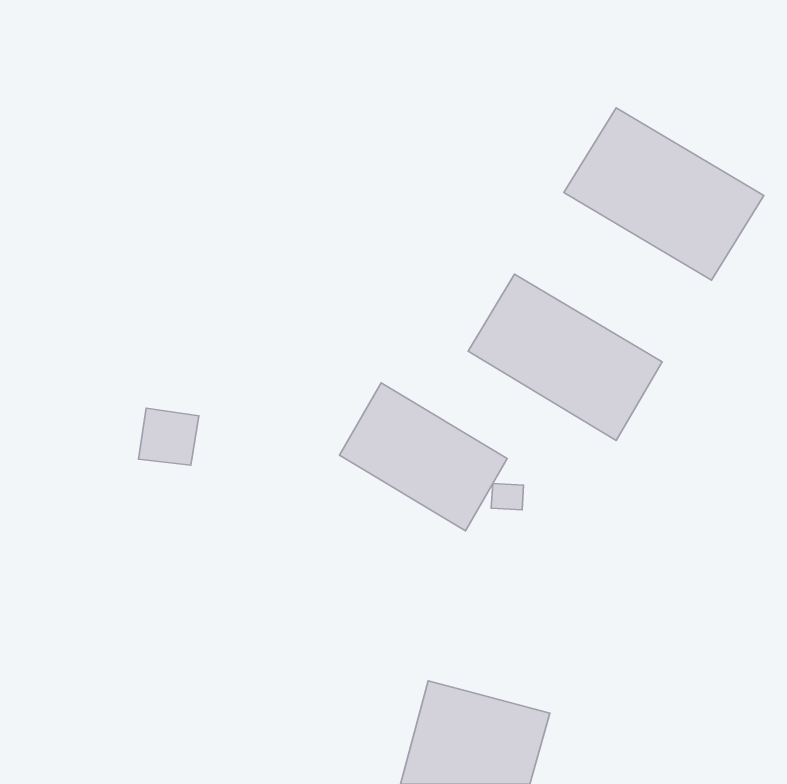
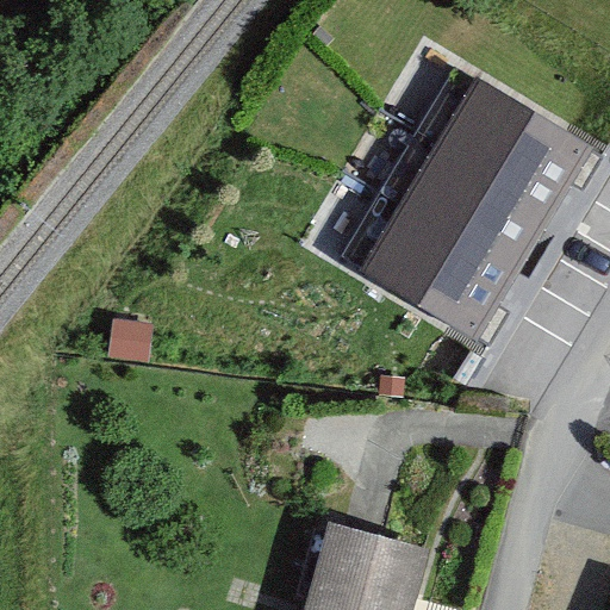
building: none -> [398,149,550,280]
building: [339,383,507,531] -> none

